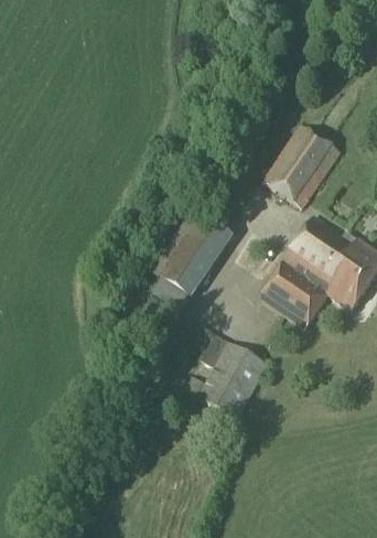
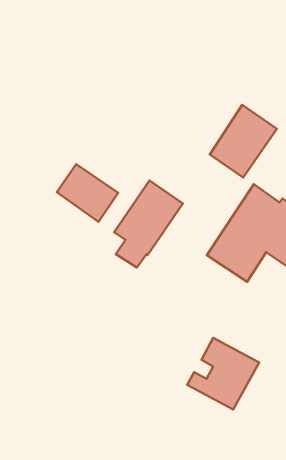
building: none -> [57,164,118,222]
building: [185,334,268,417] -> [187,338,259,410]

